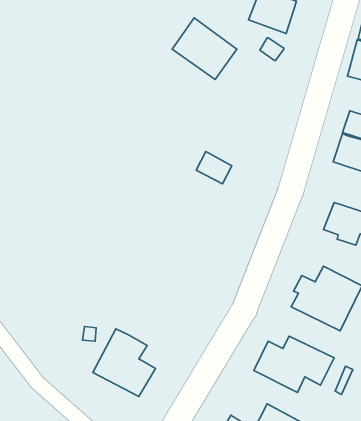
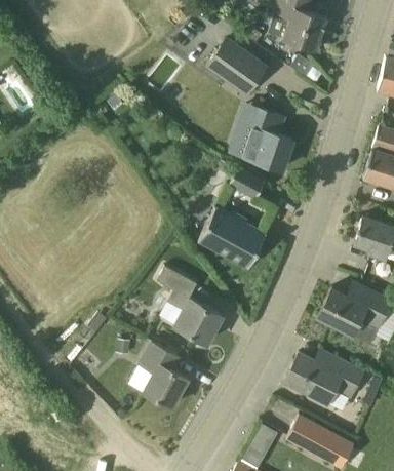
building: none -> [229,105,293,171]
building: none -> [198,209,267,268]
building: none -> [157,266,223,344]

